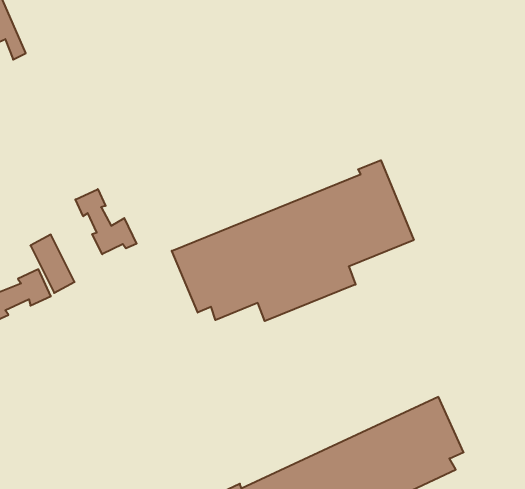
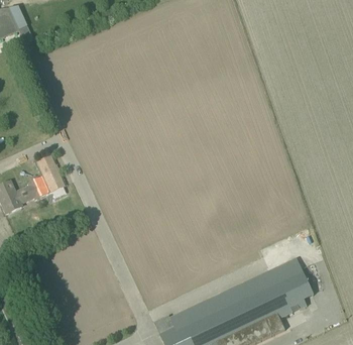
building: [172,160,414,321] -> none
building: [75,189,137,254] -> none

